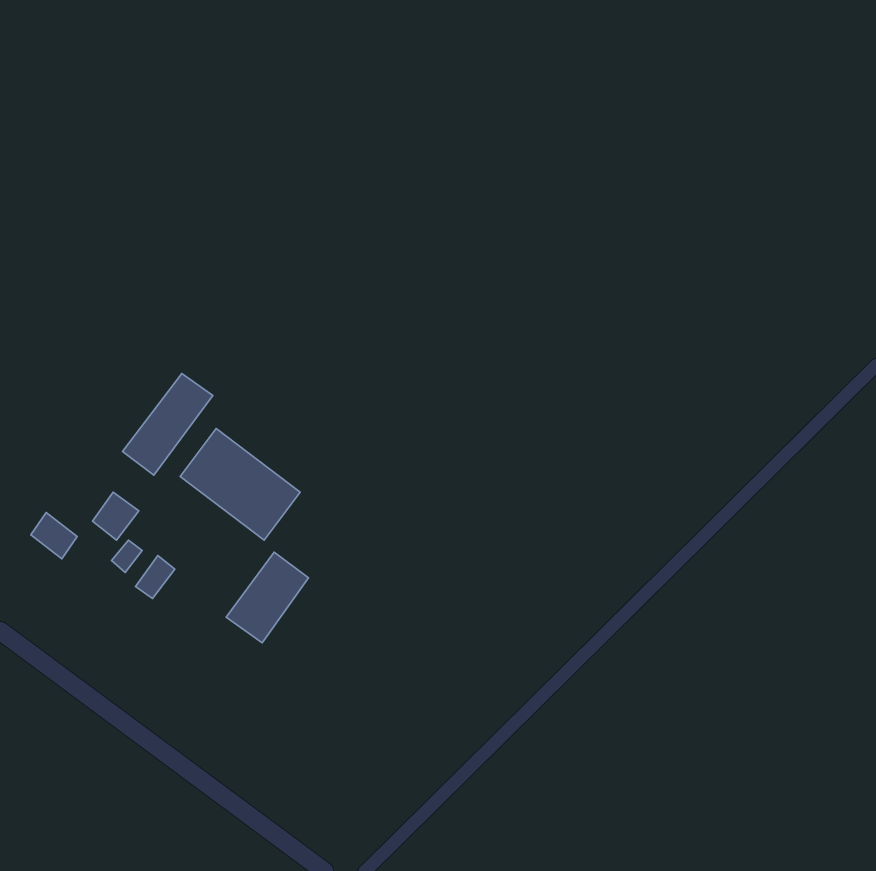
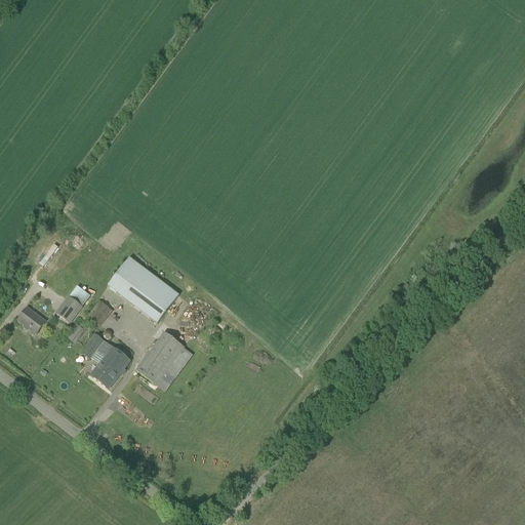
building: [123,374,213,475] -> none
building: none -> [91,347,130,388]

